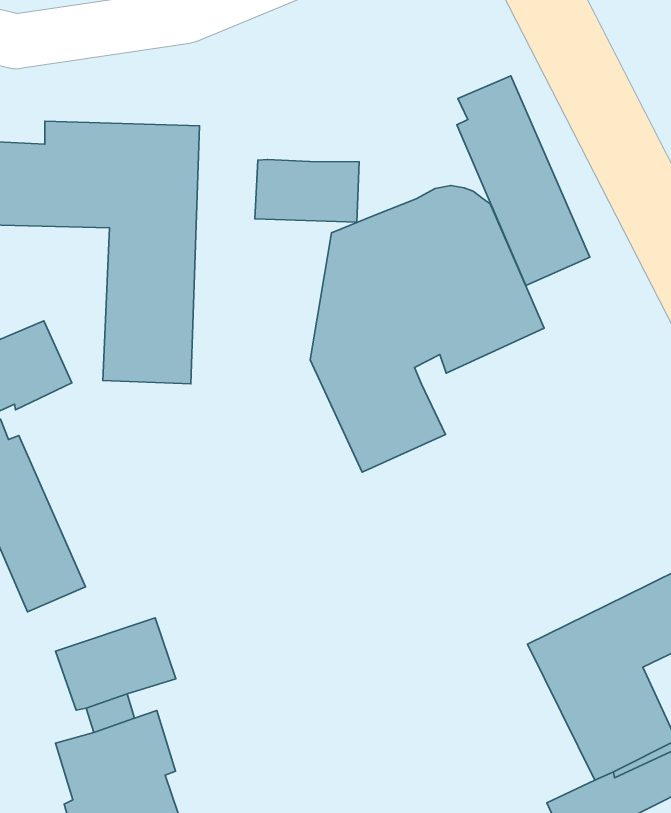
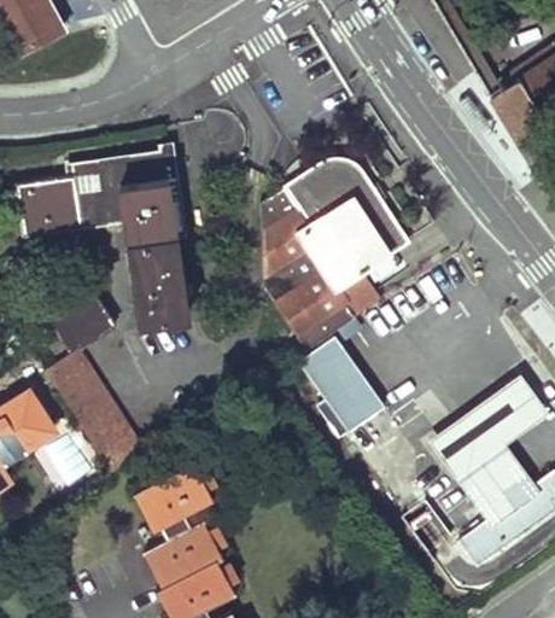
building: [457,76,590,285] -> none
building: [255,159,359,222] -> none
building: none -> [329,268,382,317]
building: none -> [299,336,385,431]

